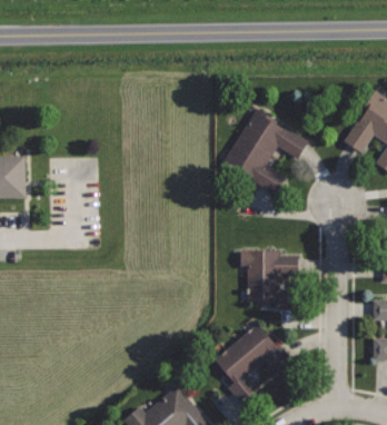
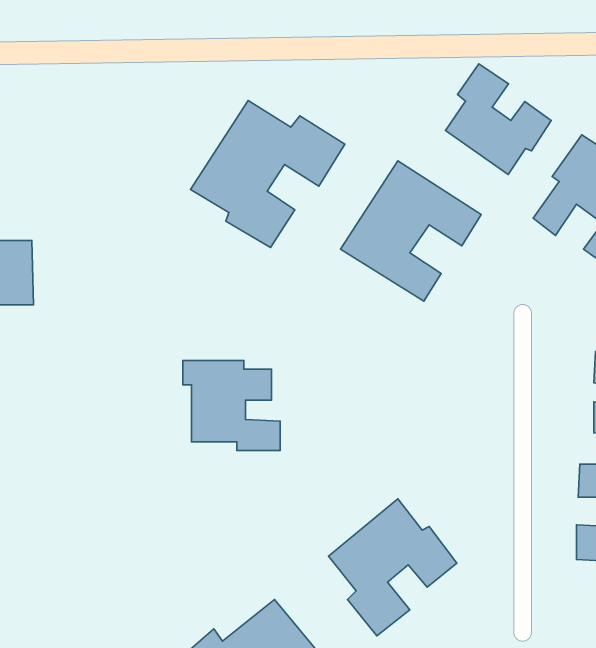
building: none -> [445,64,551,175]
building: none -> [191,100,345,248]
building: [241,251,304,309] -> [183,360,280,451]

